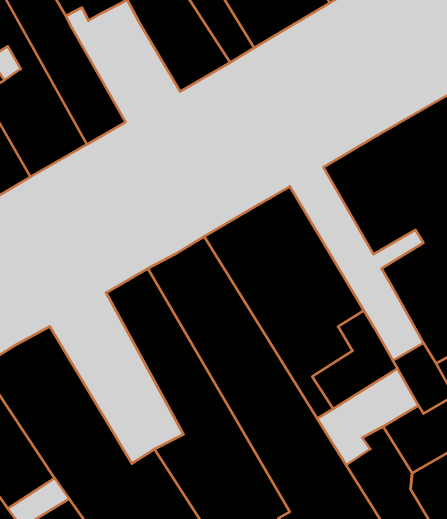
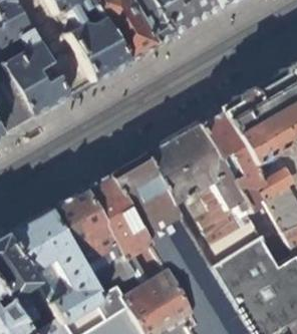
building: none -> [61,15,128,83]
building: none -> [197,111,261,211]
building: none -> [47,190,130,296]
building: none -> [214,237,277,297]

